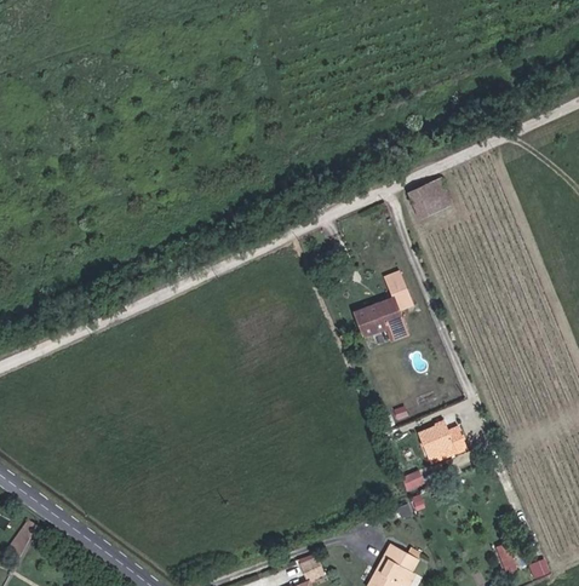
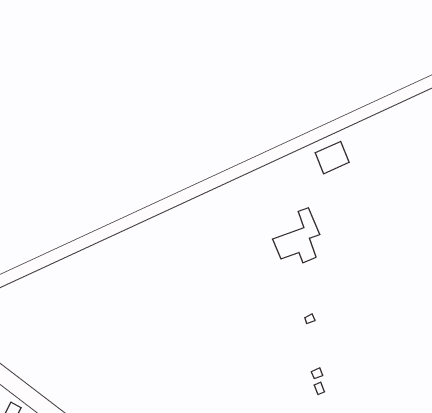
building: [420,419,469,463] -> none

